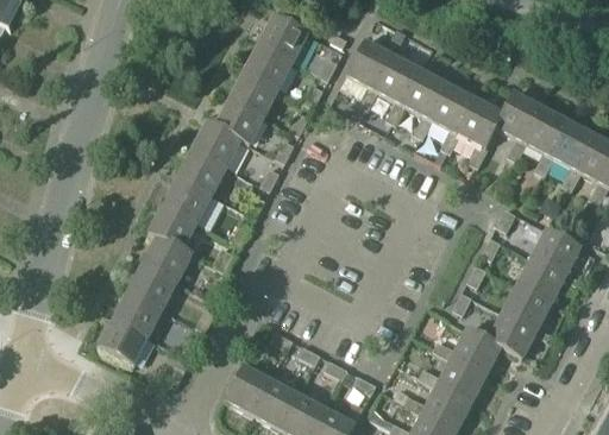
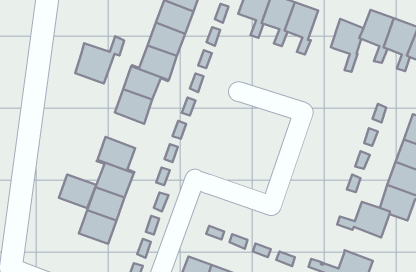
building: none -> [75,36,124,83]
building: [429,82,473,150] -> none
building: [162,174,212,221] -> none
building: [98,317,146,363] -> [59,174,96,208]
building: [420,357,486,402] -> none

